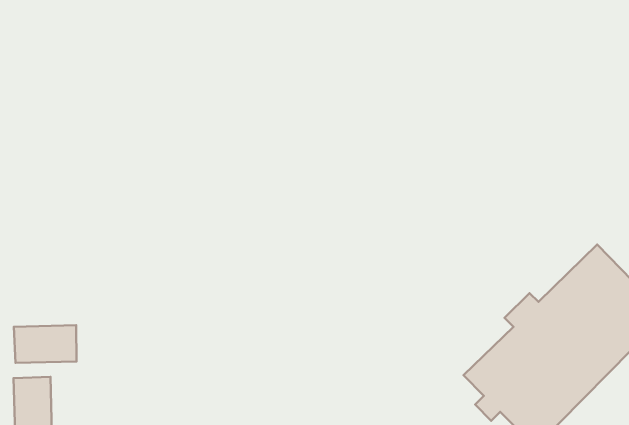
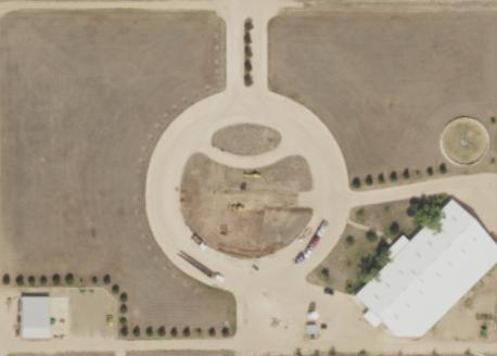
building: [14,325,76,363] -> none

